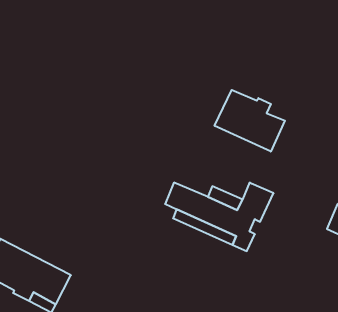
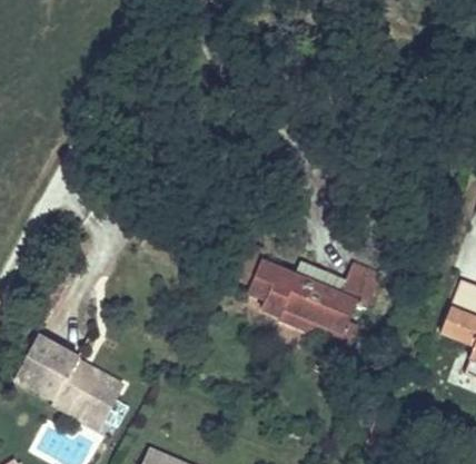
building: [215,90,285,152] -> none

